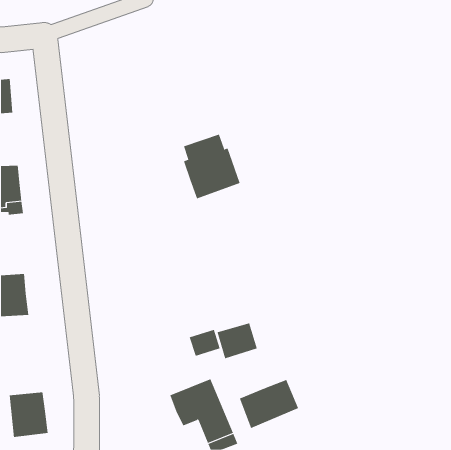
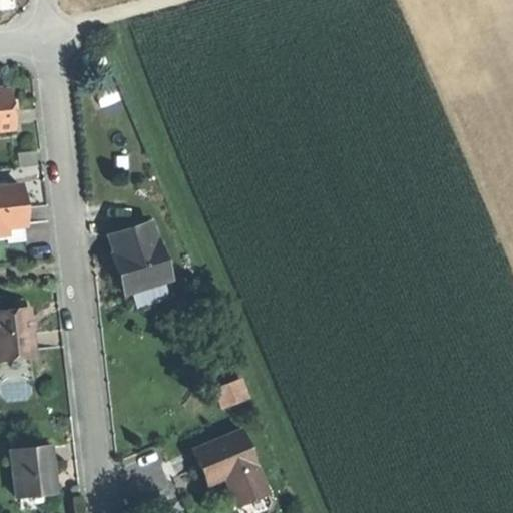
building: [183,134,241,199] -> [110,220,175,295]
building: [217,323,258,359] -> none
building: [239,379,299,429] -> none

